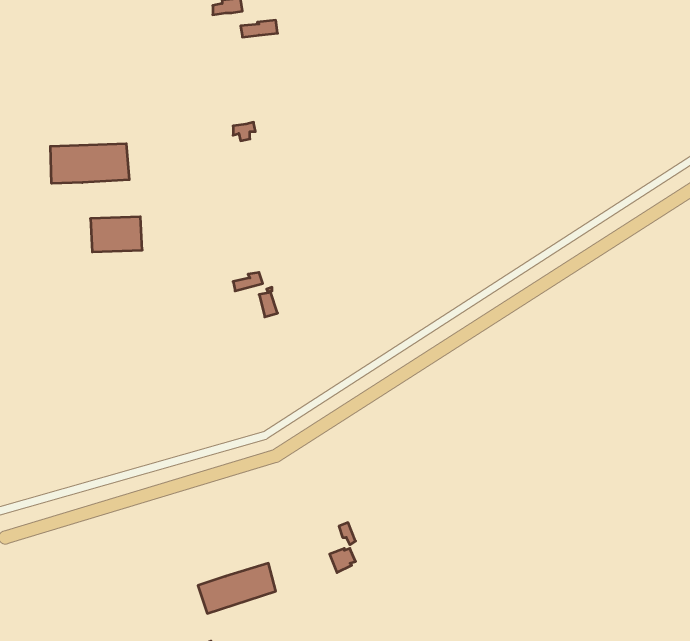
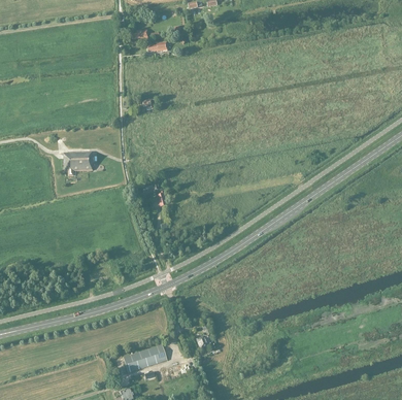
building: [50,144,129,183] -> none

